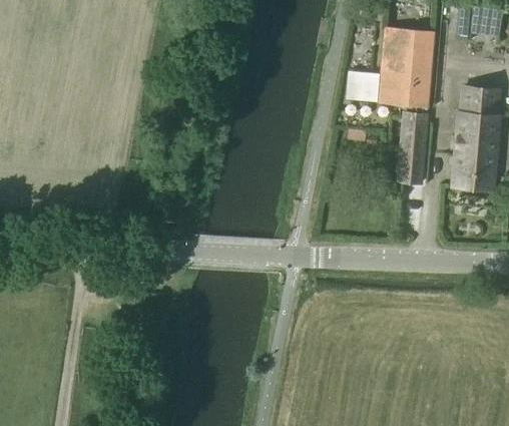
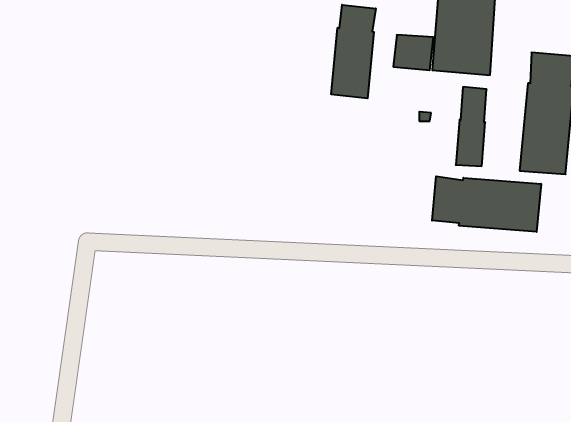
building: none -> [331,5,376,98]
building: none -> [432,176,541,232]

